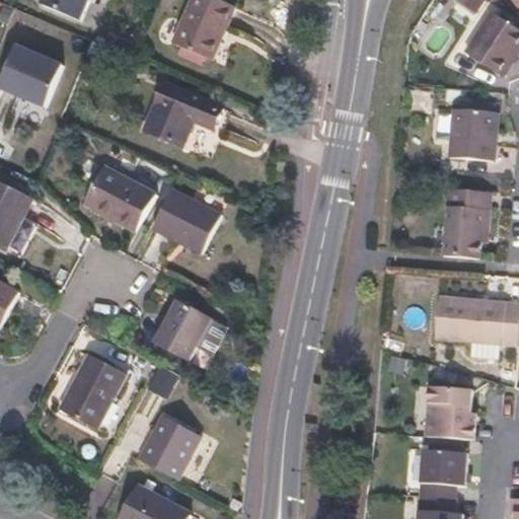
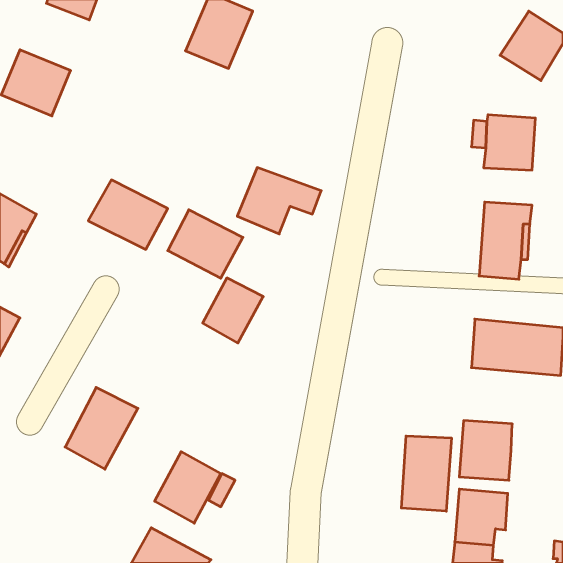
building: [148,87,225,148] -> [237,168,321,234]
building: [156,303,212,363] -> [203,278,263,343]
building: none -> [401,436,451,511]

